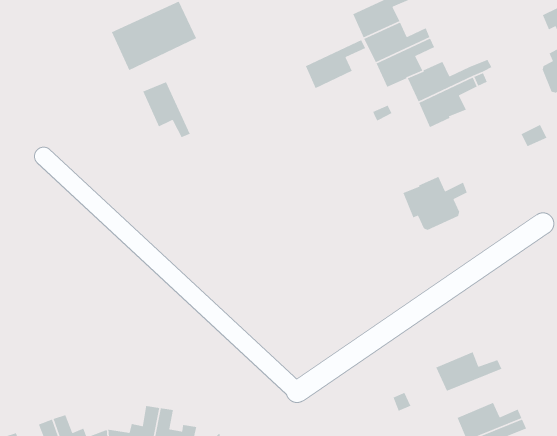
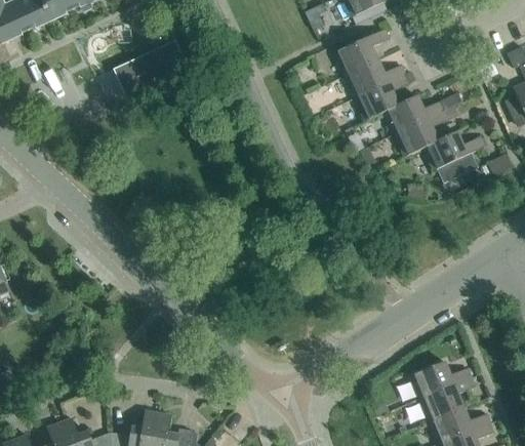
building: [305,39,366,89] -> none
building: [142,81,191,138] -> none
building: [402,176,468,231] -> [423,131,484,181]
building: none -> [420,377,475,421]

